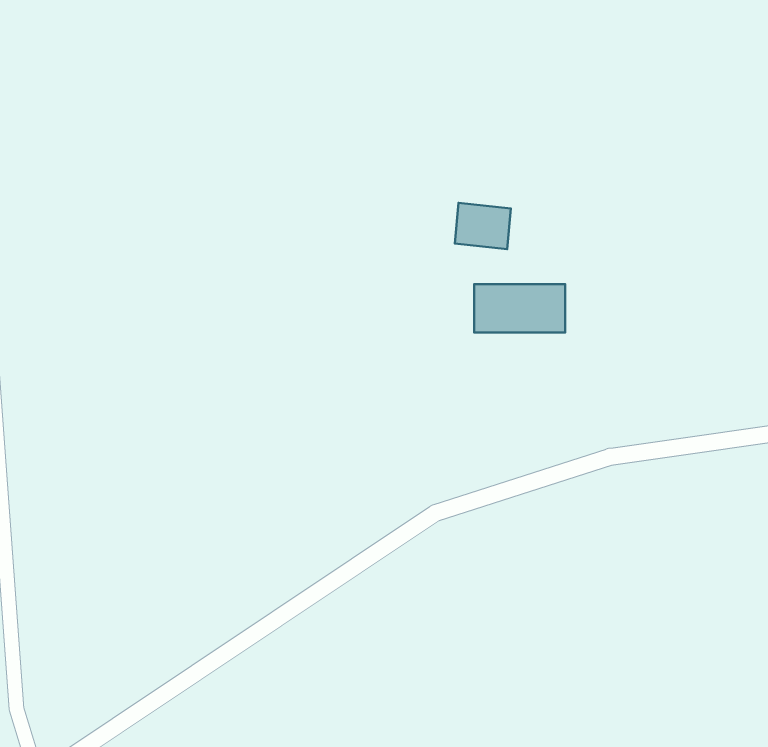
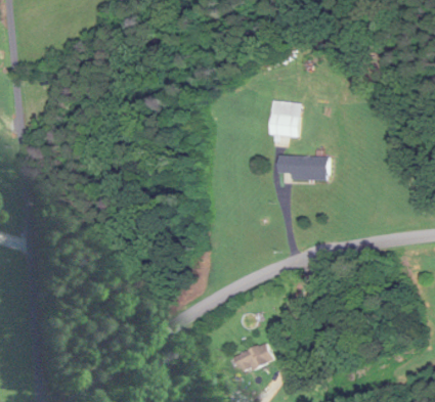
building: none -> [231,343,272,373]

